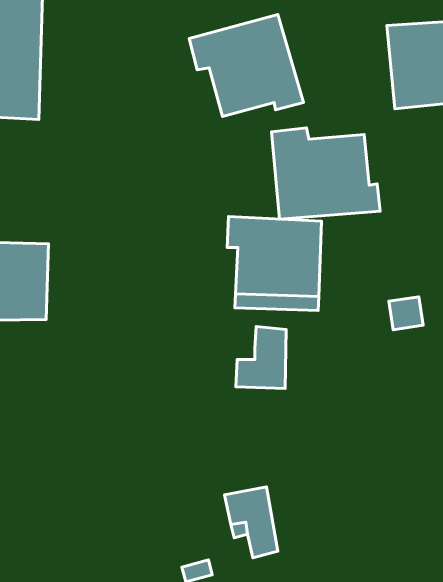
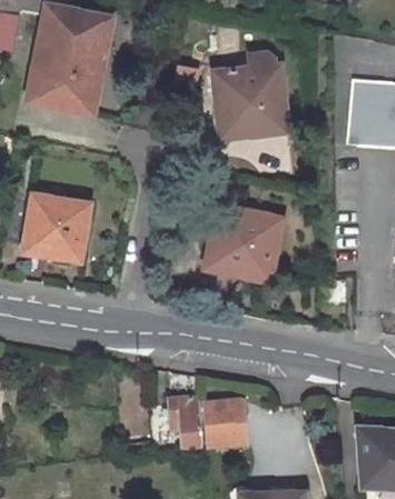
building: [271,128,380,219] -> none
building: [236,327,286,388] -> none
building: none -> [217,408,255,451]

